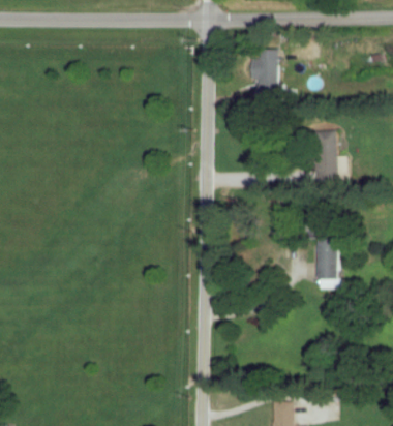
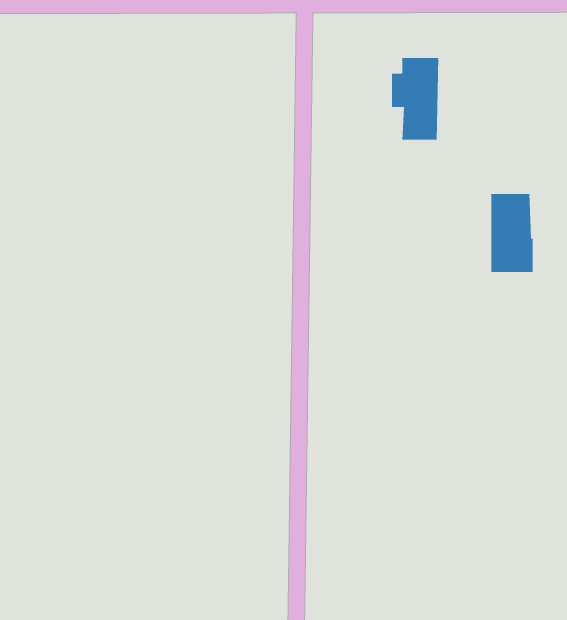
building: [313,227,339,290] -> none

